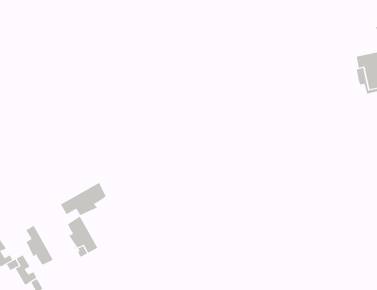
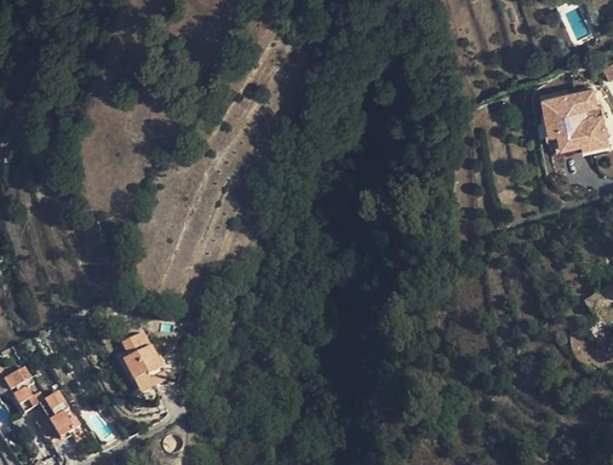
building: [60,182,106,216] -> none
building: [25,225,54,265] -> none

